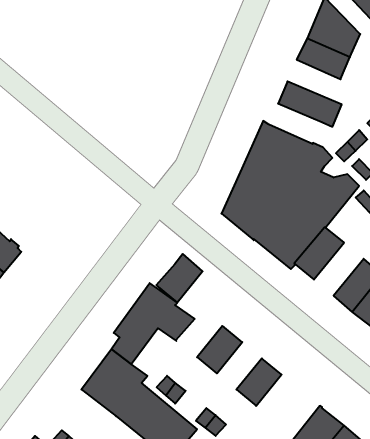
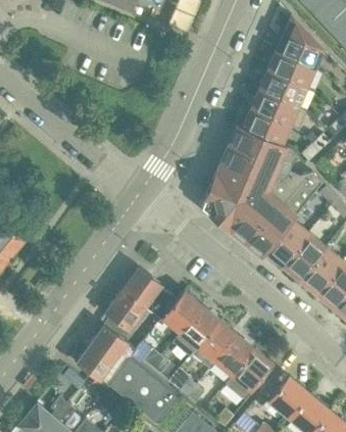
building: none -> [259,71,306,107]
building: none -> [243,110,290,146]
building: none -> [283,233,327,280]
building: [156,254,203,303] -> [161,291,202,334]
building: none -> [197,321,237,363]
building: none -> [232,349,271,391]

